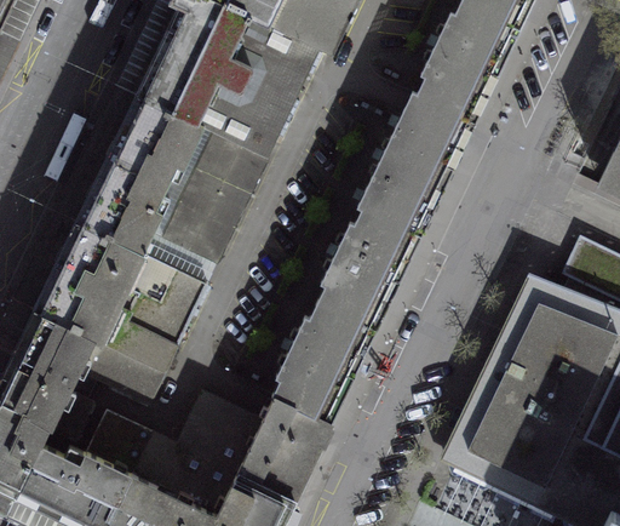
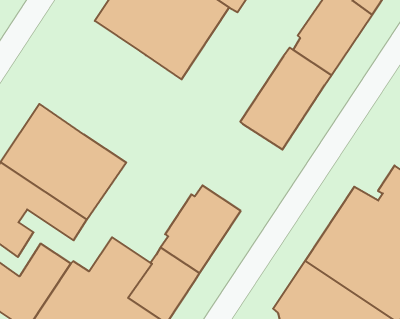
building: [76,91,205,251] -> none
building: [165,128,269,259] -> none
building: [318,205,423,326] -> none

